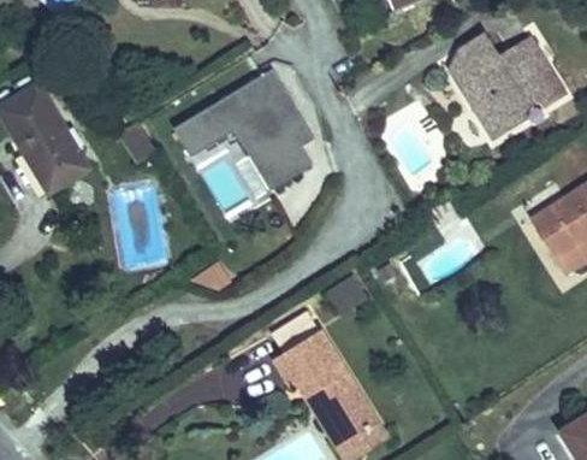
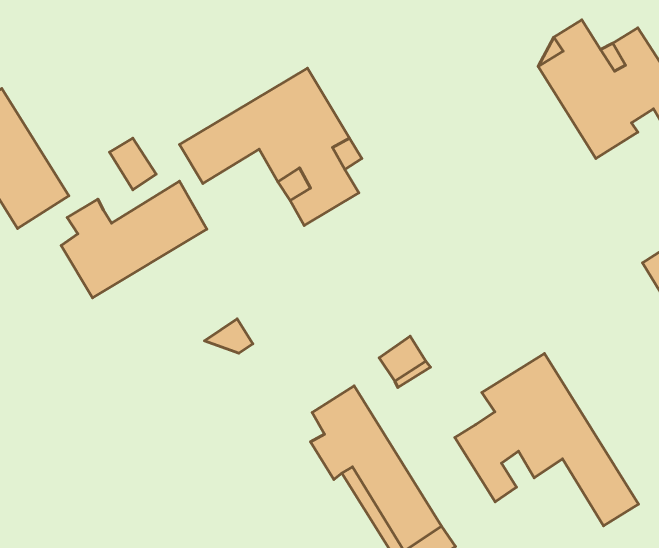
building: none -> [61,181,207,298]
building: none -> [455,354,638,526]

